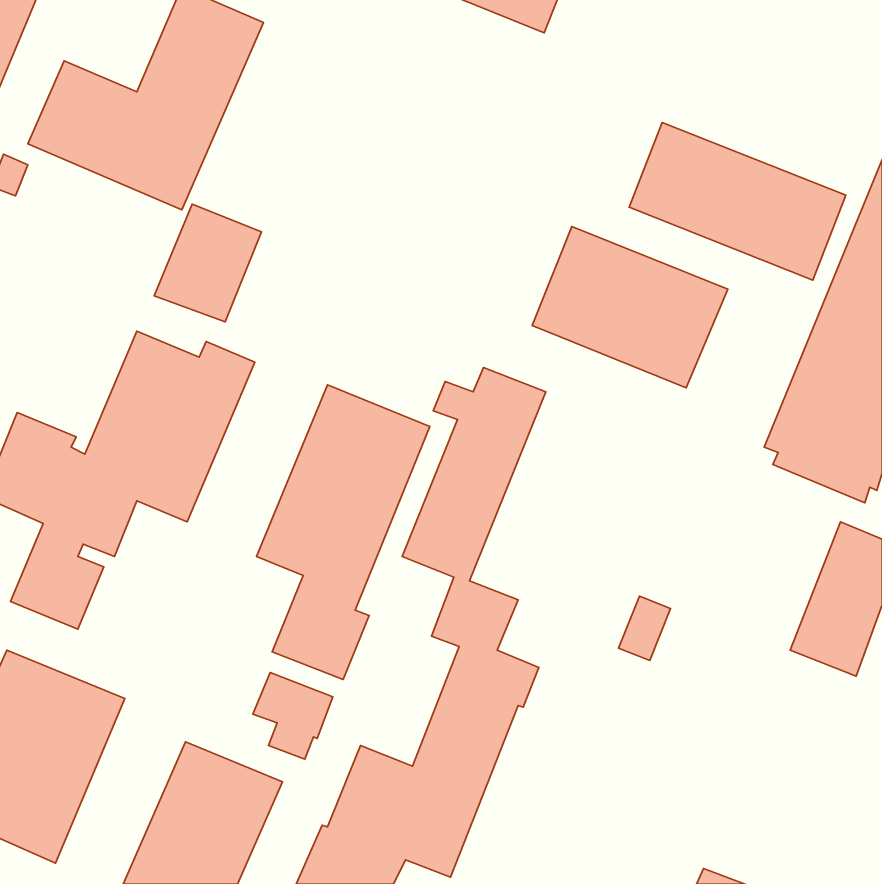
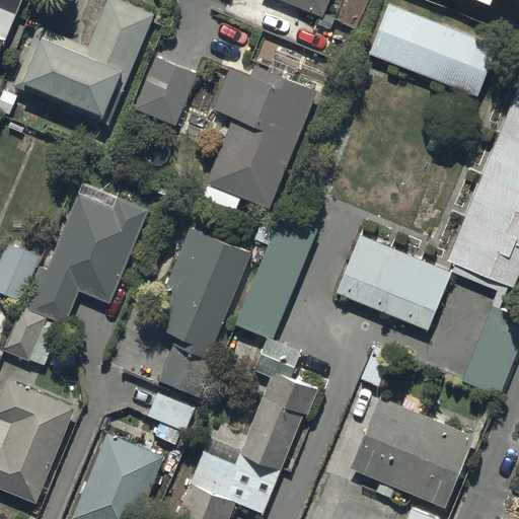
building: none -> [201,66,313,210]
building: [629,122,846,280] -> [371,4,498,96]
building: [154,204,261,322] -> [135,57,198,126]
building: [532,227,728,388] -> [338,235,452,329]
building: none -> [352,399,475,508]

